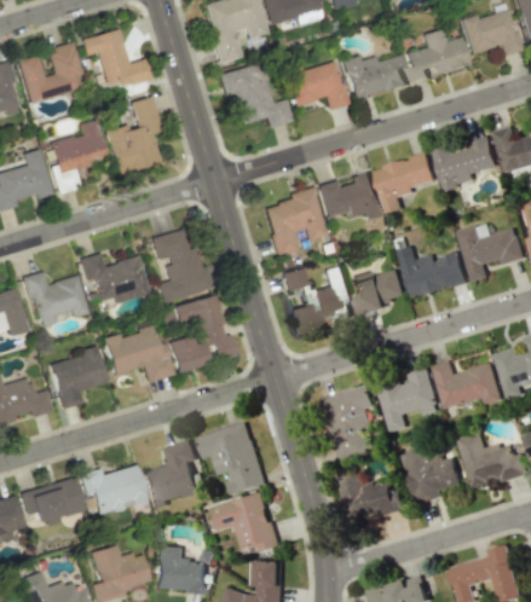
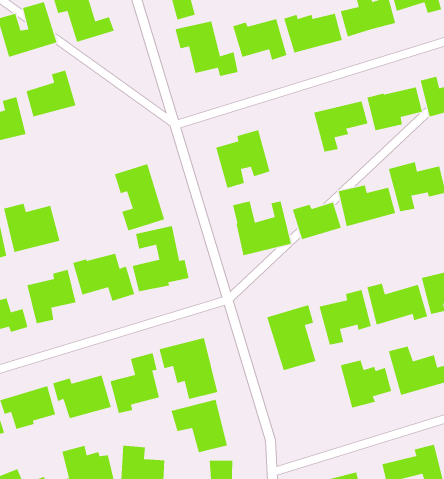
building: [102,92,158,172] -> none
building: [317,170,381,218] -> none
building: [77,250,149,305] -> none
building: [339,474,408,523] -> none

